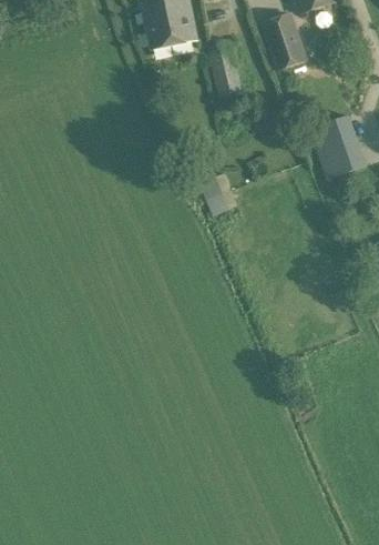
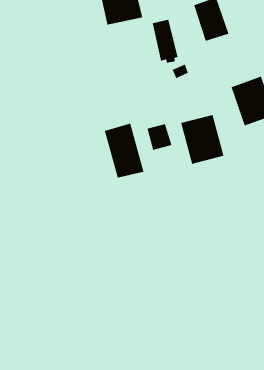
building: none -> [180,114,224,165]
building: none -> [104,123,144,179]

